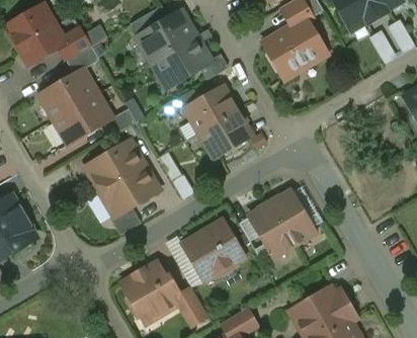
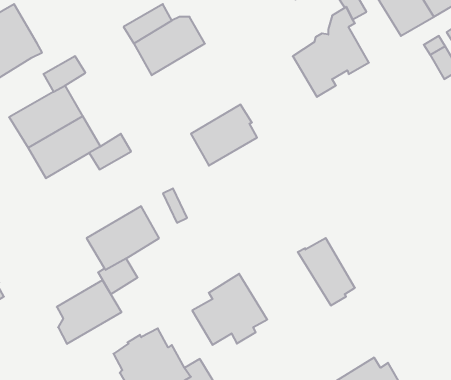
building: [57,24,91,61] -> none
building: [152,35,209,83] -> none
building: [197,110,253,159] -> none
building: [92,140,144,190] -> [57,280,122,344]
building: [248,201,295,255] -> none

